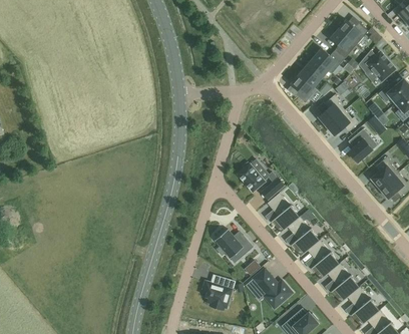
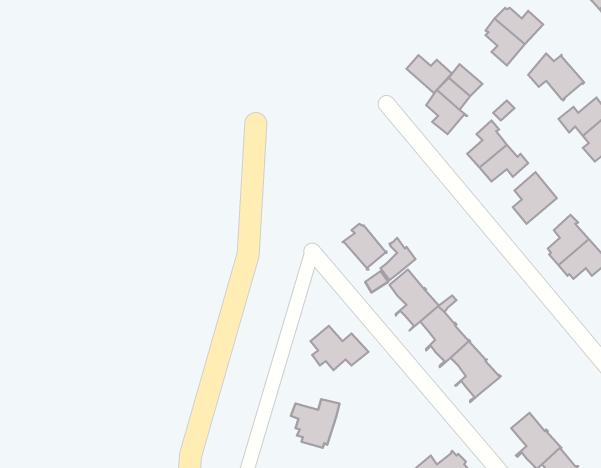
building: [314,48,344,73] -> [406,55,452,93]
building: [328,264,361,303] -> none
building: [256,272,295,311] -> none

